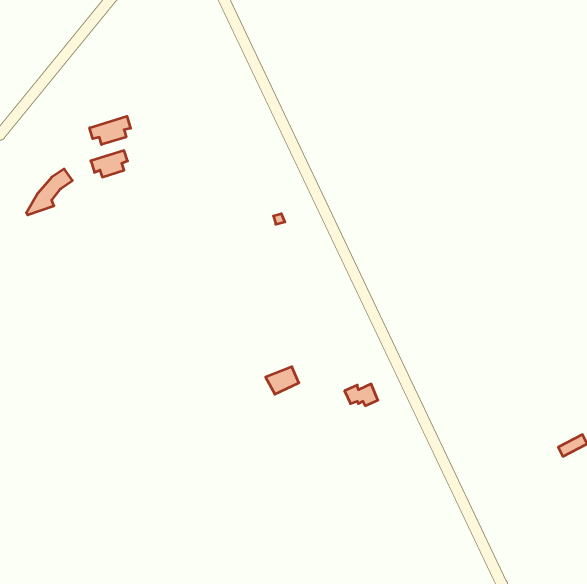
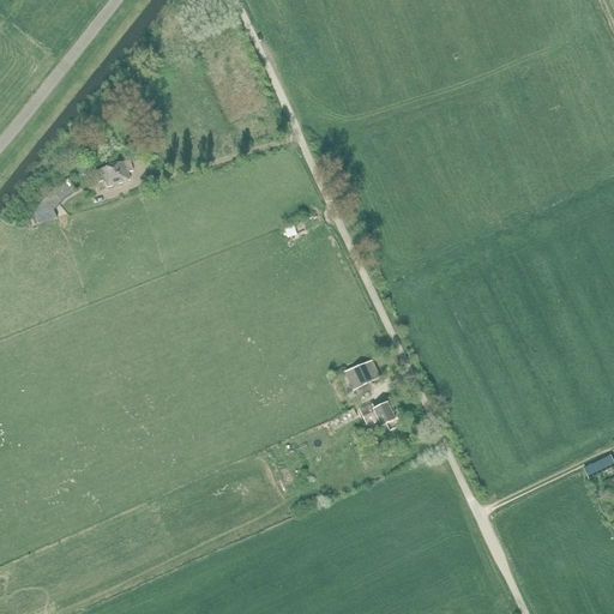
building: [90,116,131,145] -> none
building: [266,367,299,394] -> [344,359,379,387]

